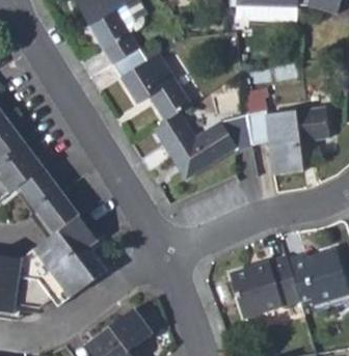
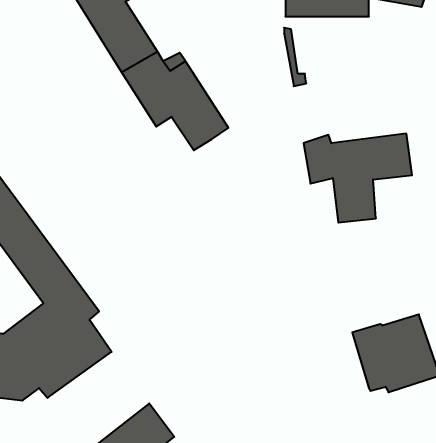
building: [152,111,252,180] -> none
building: [230,253,296,312] -> none

